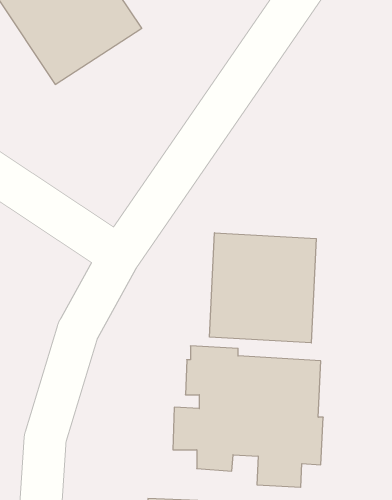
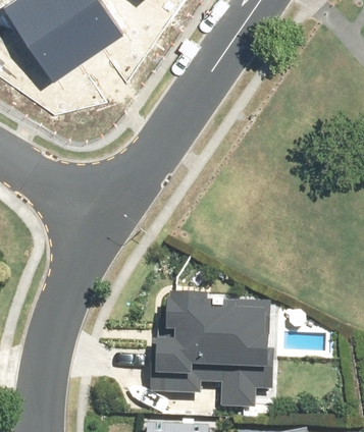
building: [210,233,316,343] -> none

